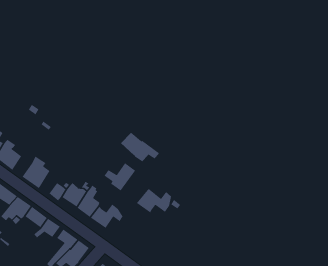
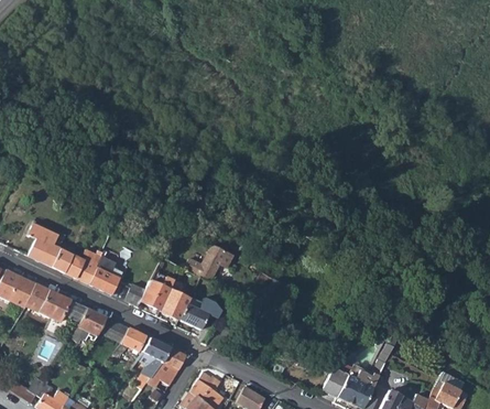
building: [120,132,160,162] -> none
building: none -> [76,249,102,284]
building: [136,188,172,214] -> none

